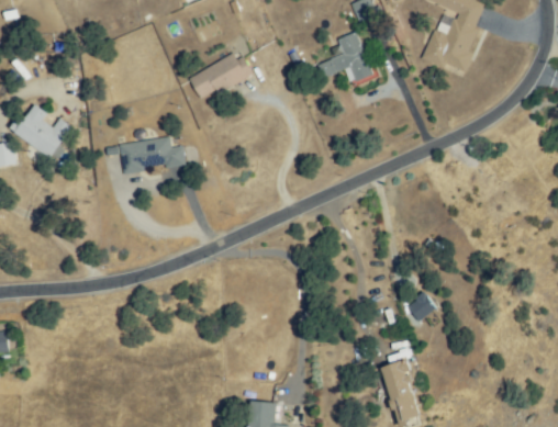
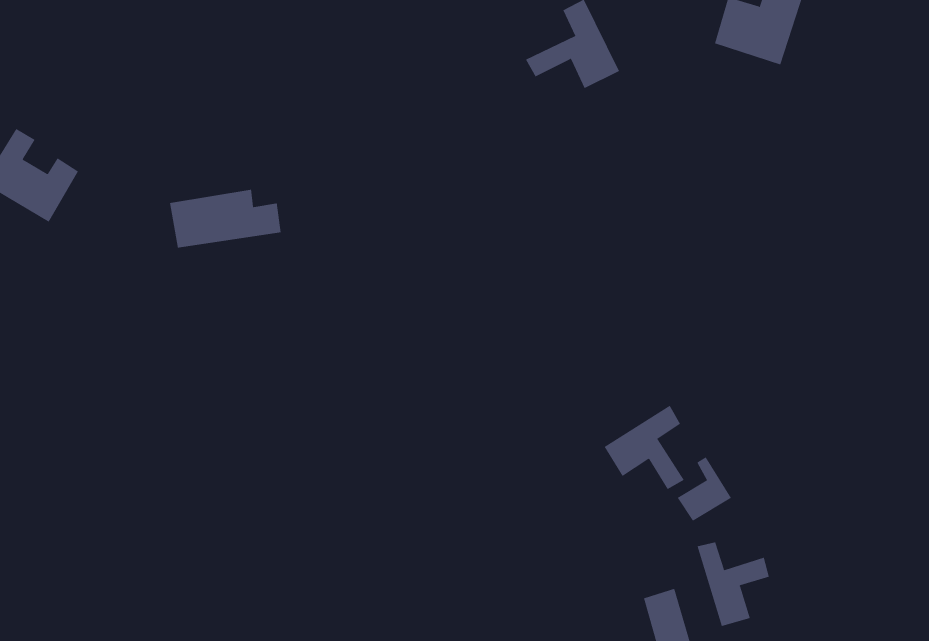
building: [191,55,249,97] -> none
building: none -> [604,405,685,490]
building: none -> [697,541,770,627]

